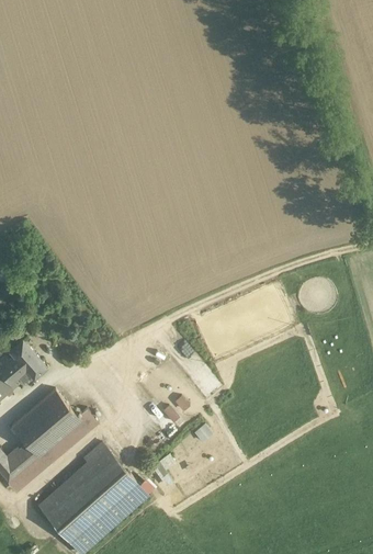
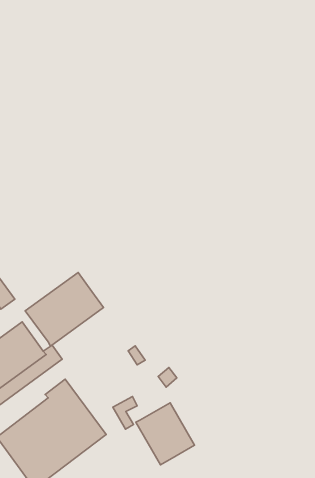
building: none -> [25,272,104,346]
building: none -> [136,403,195,465]

